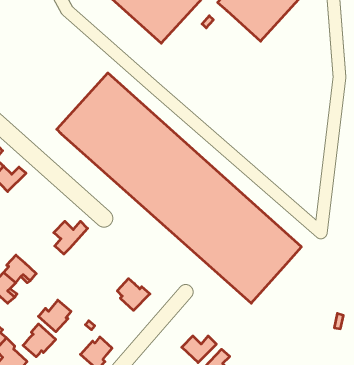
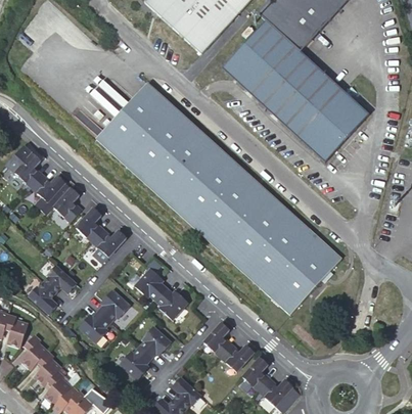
building: none -> [223,20,368,160]
building: none -> [55,189,82,223]
building: none -> [77,209,104,242]
building: none -> [136,268,168,301]
building: none -> [204,324,232,357]
building: none -> [139,326,171,358]
building: [23,324,56,357] -> [97,288,130,321]

